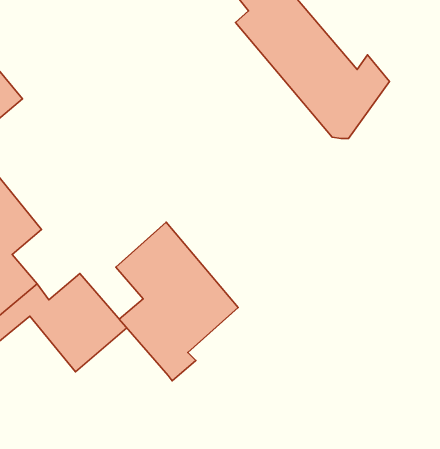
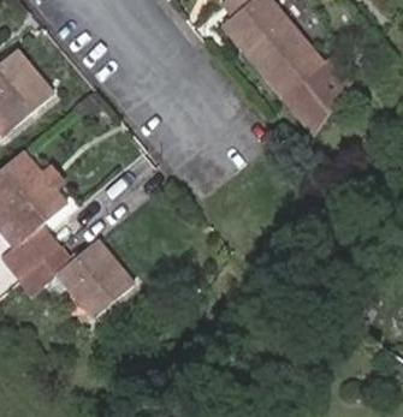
building: [116,222,238,381] -> none

